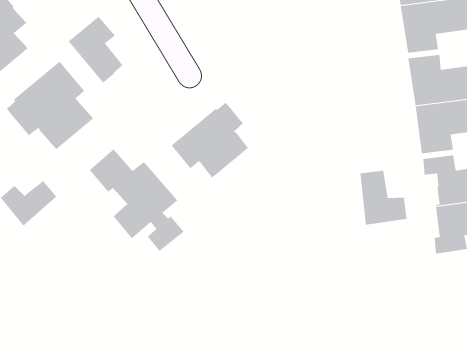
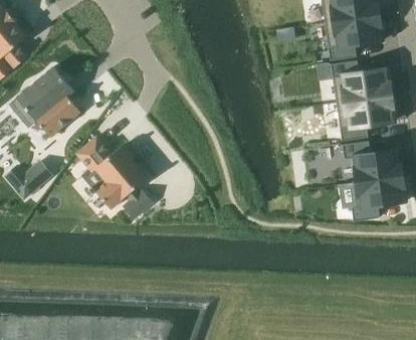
building: [68,16,123,83] -> none
building: [171,102,249,179] -> none
building: [360,170,407,226] -> none

